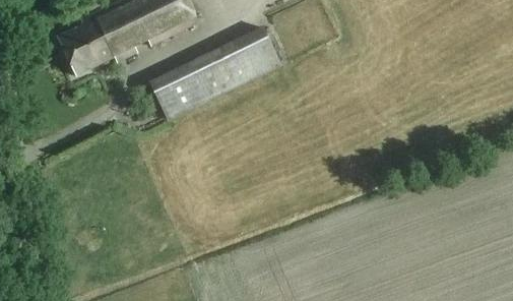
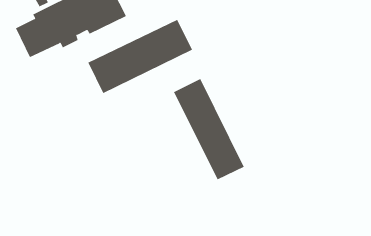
building: none -> [173,78,244,180]

